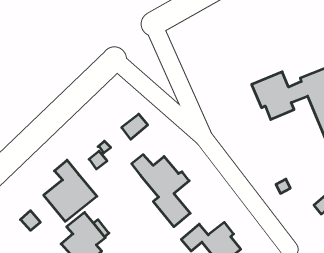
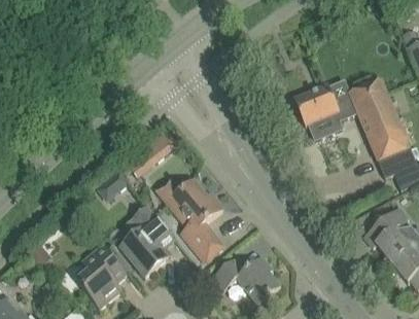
building: [44,160,97,221] -> [119,206,180,276]

